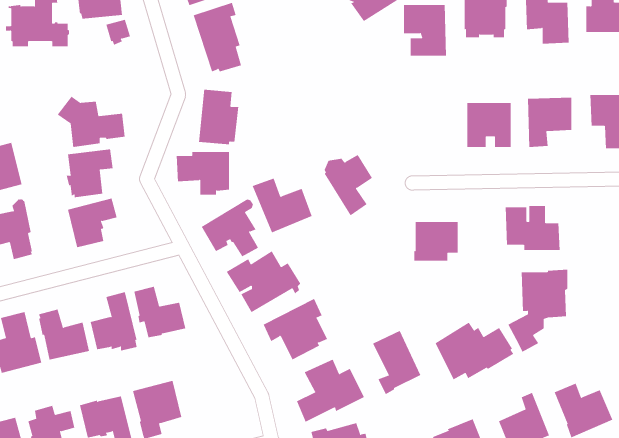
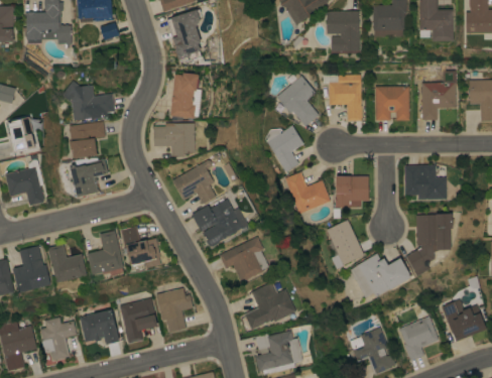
building: none -> [329,75,362,120]
building: none -> [276,76,319,126]
building: [252,178,313,233] -> [284,171,331,214]
building: [372,330,421,395] -> [327,220,364,269]
building: none -> [156,287,194,332]

